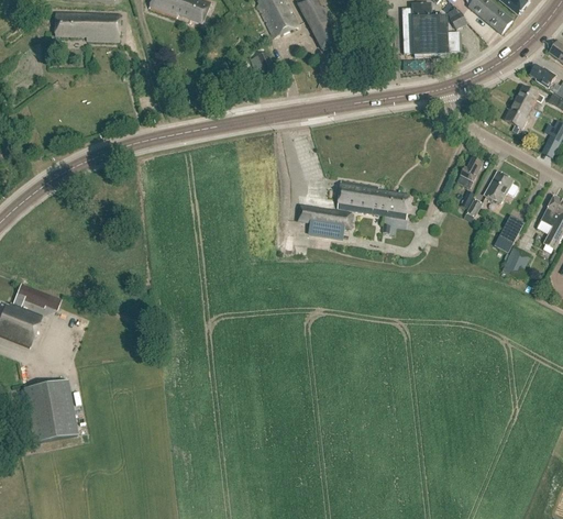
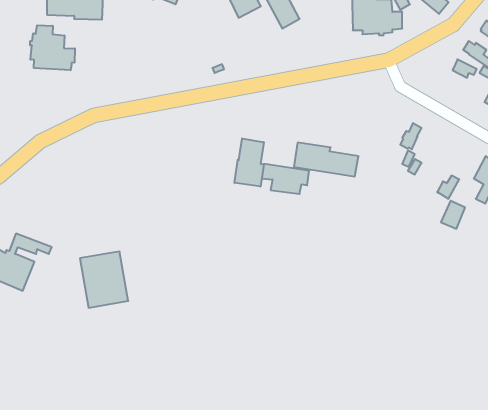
building: none -> [30,25,75,70]
building: [505,98,533,129] -> none
building: [484,172,518,203] -> none
building: none -> [234,138,264,187]
building: [22,379,77,443] -> [80,252,128,308]

